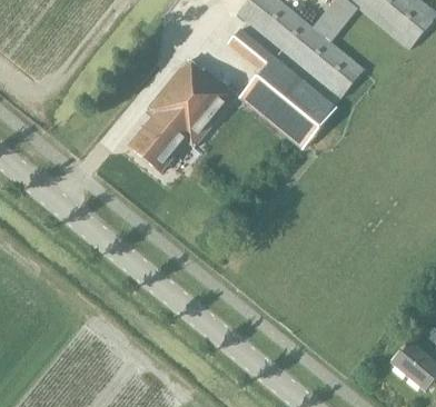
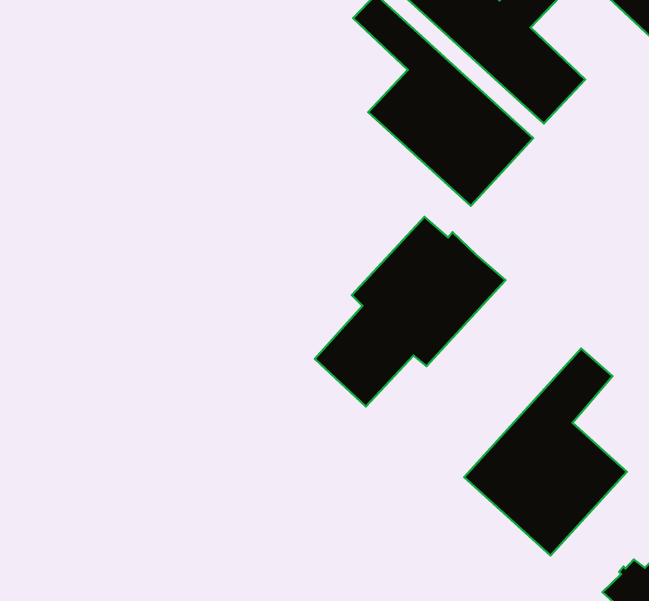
building: [129,59,236,170] -> [315,217,506,407]
building: none -> [464,349,627,556]

